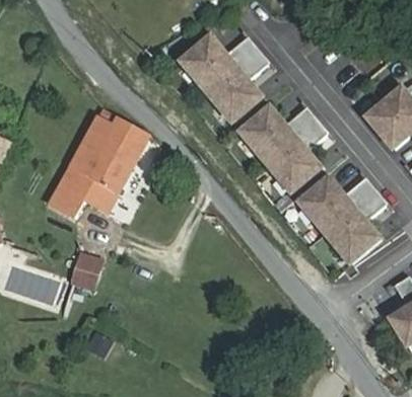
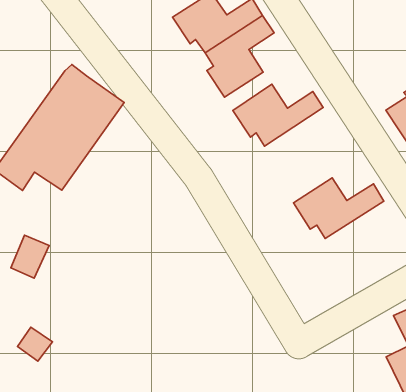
building: [269,120,325,191] -> none
building: [328,190,384,261] -> none

